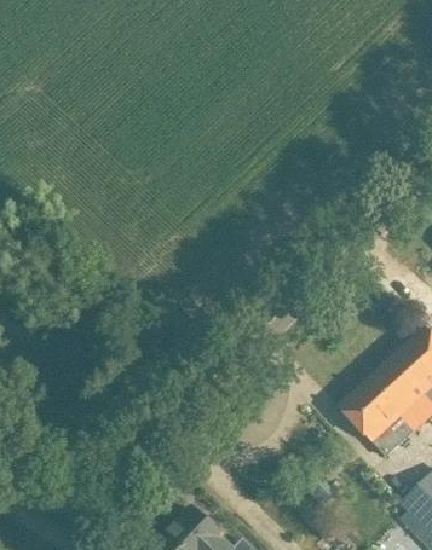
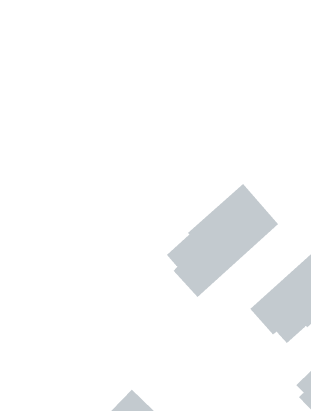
building: none -> [166,183,279,298]

